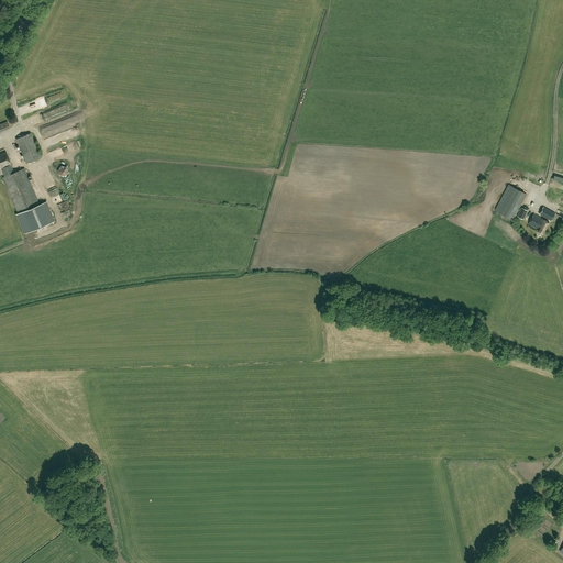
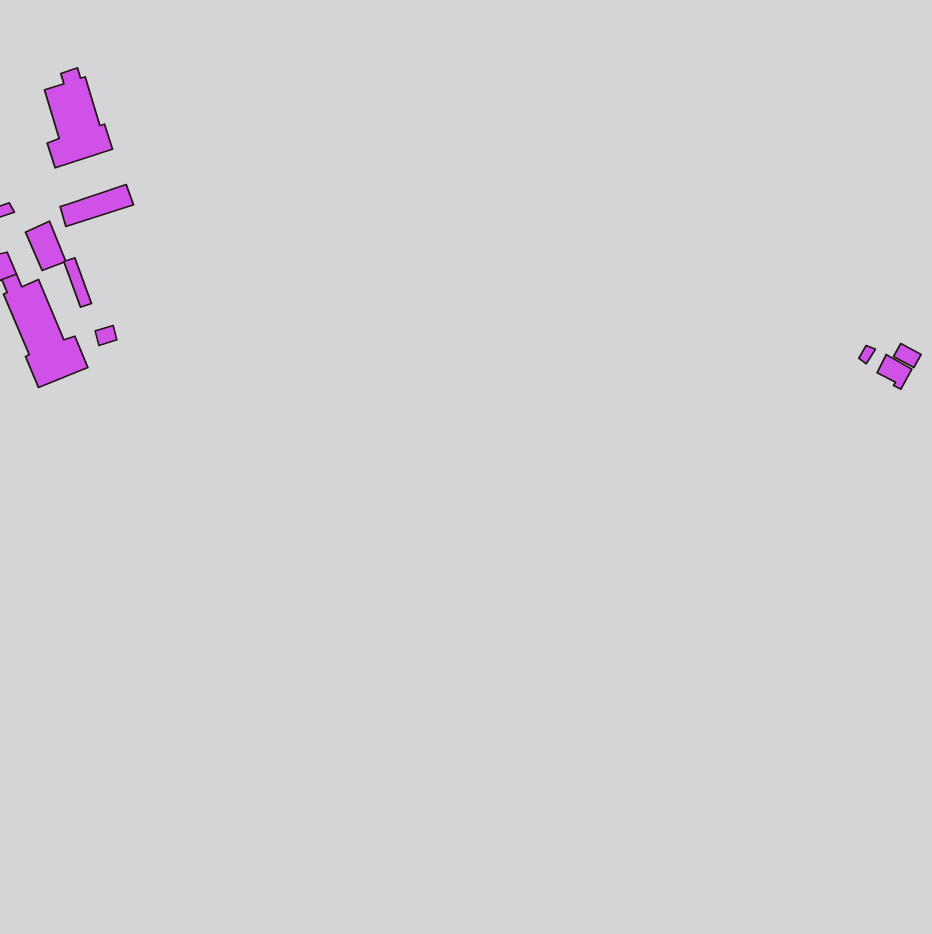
building: none -> [44,68,112,168]
building: [495,185,526,220] -> none

